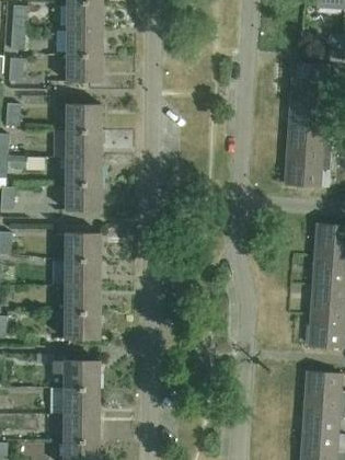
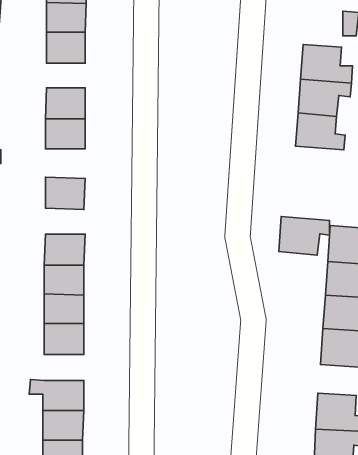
building: [284,153,329,187] -> [279,217,330,255]
building: [65,156,100,182] -> none

